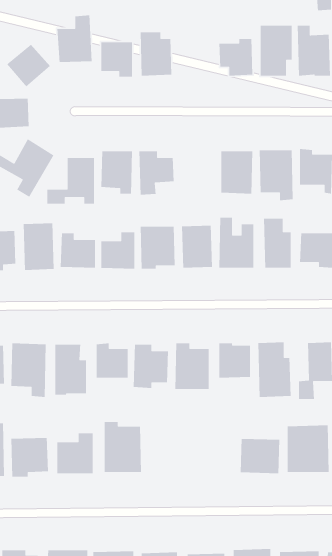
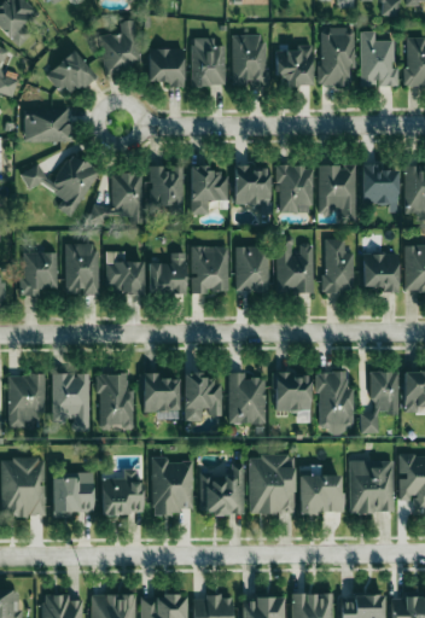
building: none -> [232,34,267,86]
building: none -> [233,165,269,204]
building: none -> [249,454,295,513]
building: none -> [200,464,244,514]

